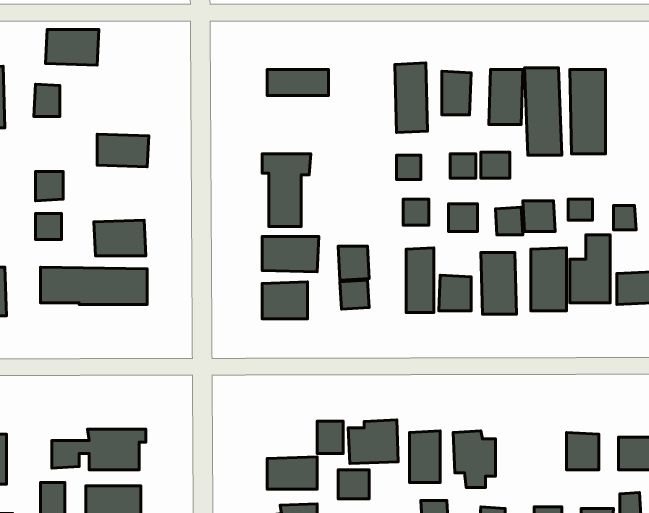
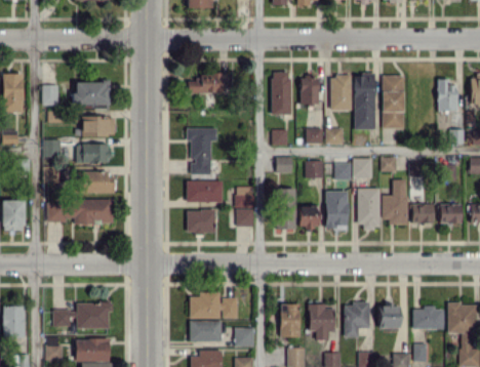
building: [45,29,99,65] -> [75,82,109,105]
building: none -> [76,138,111,163]
building: [348,420,398,463] -> [189,291,221,319]
building: none -> [344,301,369,337]

